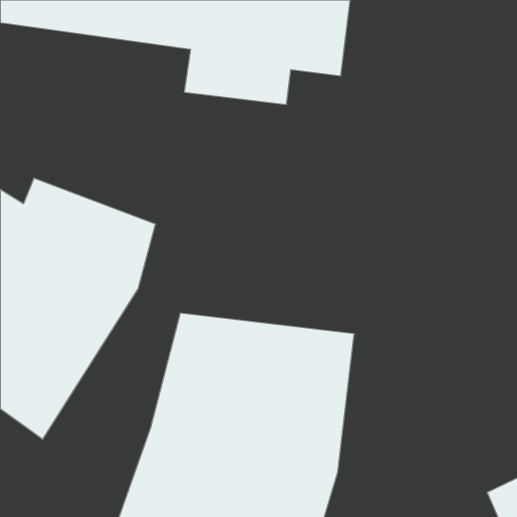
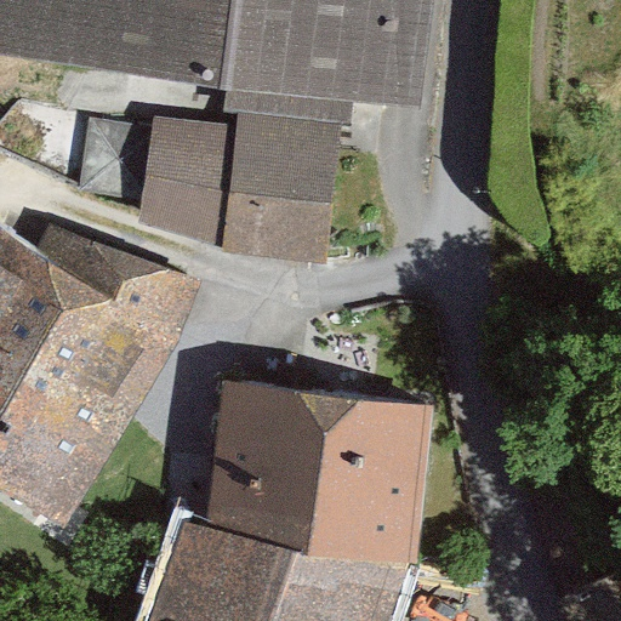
building: none -> [132,107,347,273]

